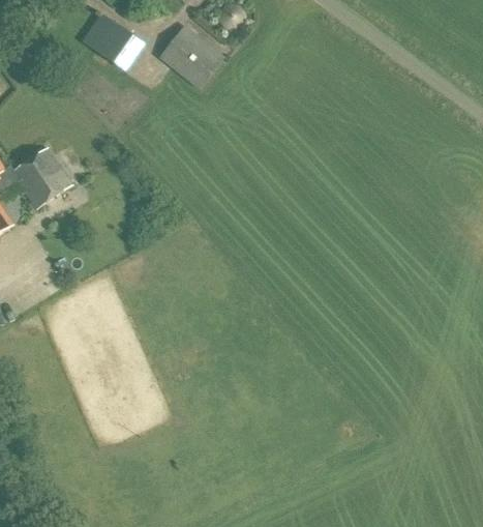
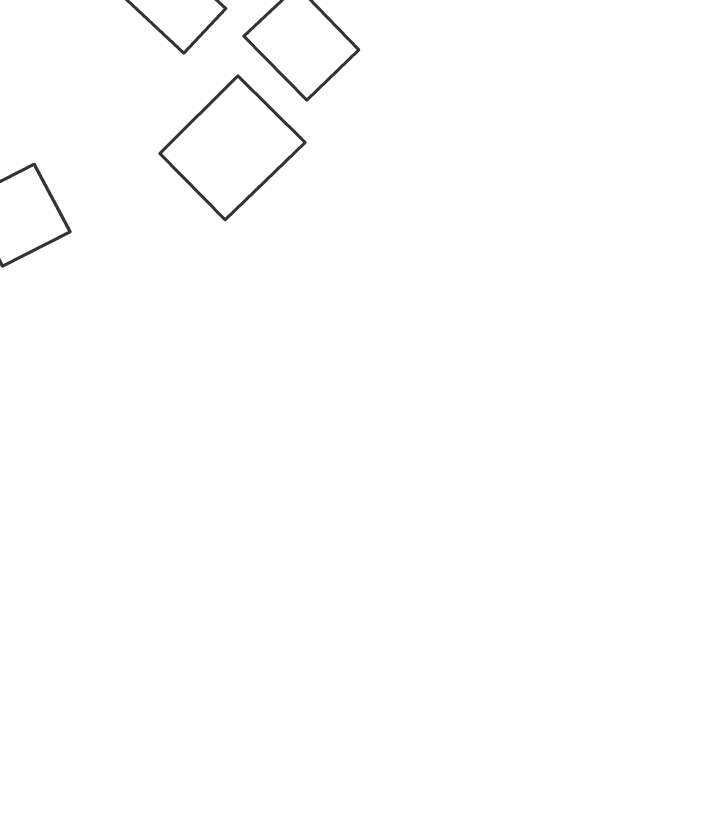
building: none -> [160,76,305,220]

